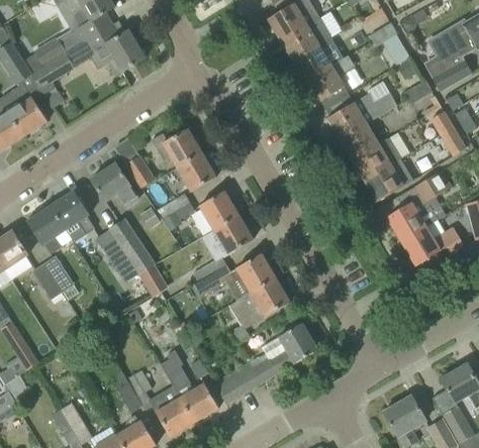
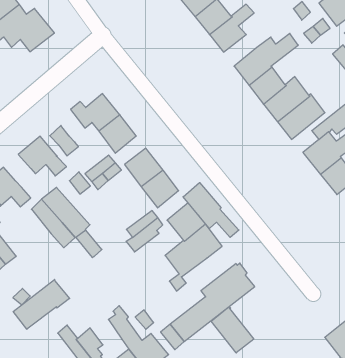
building: none -> [183,183,239,237]
building: none -> [13,279,70,329]
building: none -> [211,306,254,353]

